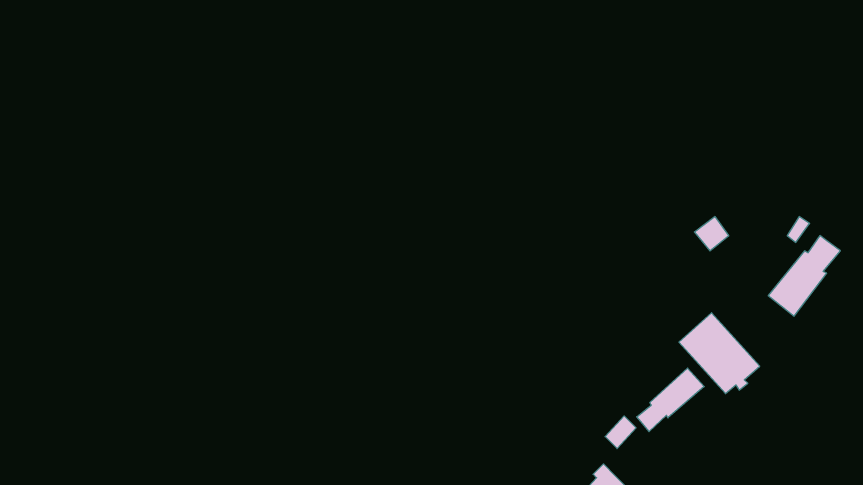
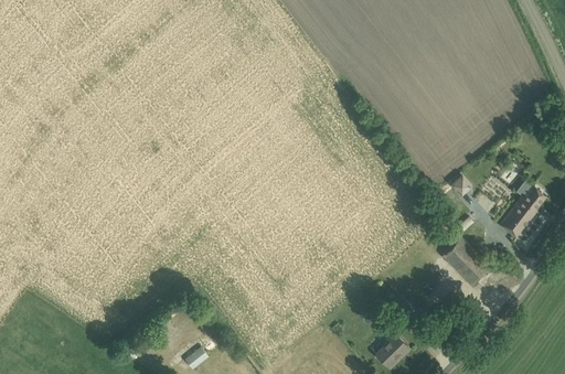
building: [637,368,704,432] -> none

